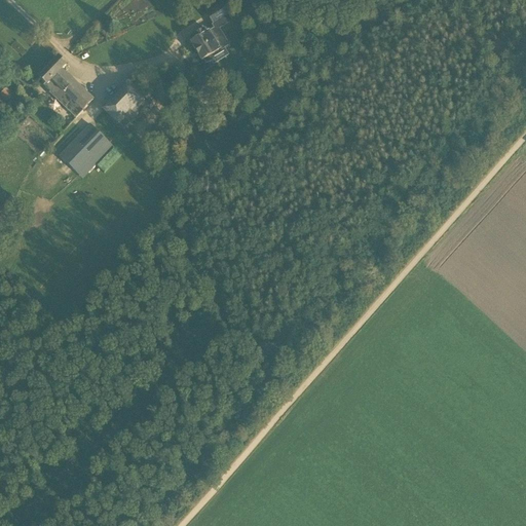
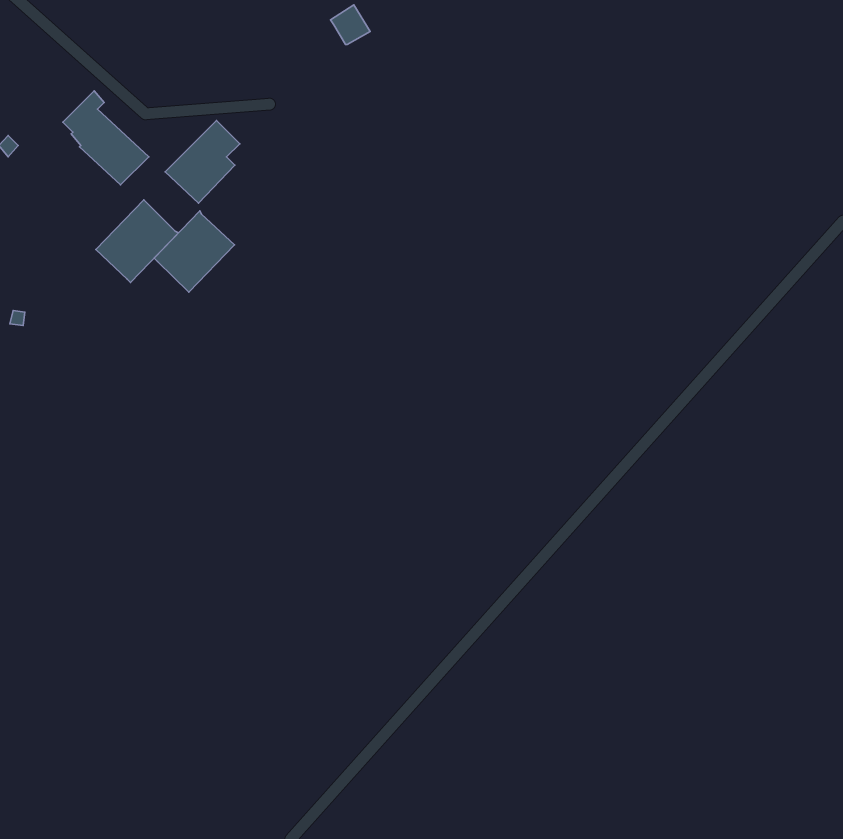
building: [188,27,226,60] -> none
building: none -> [154,211,234,292]

